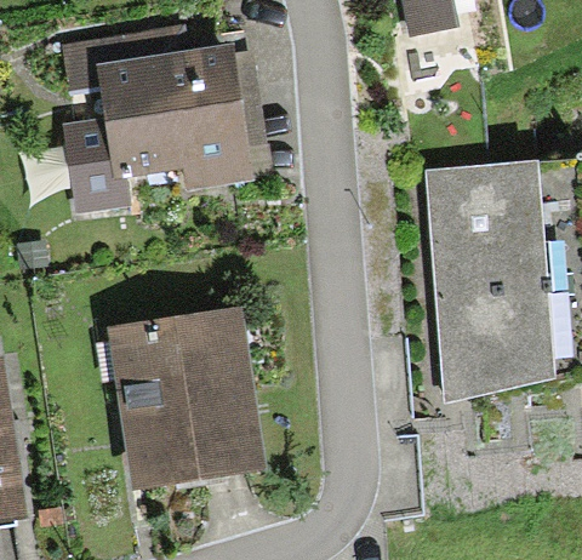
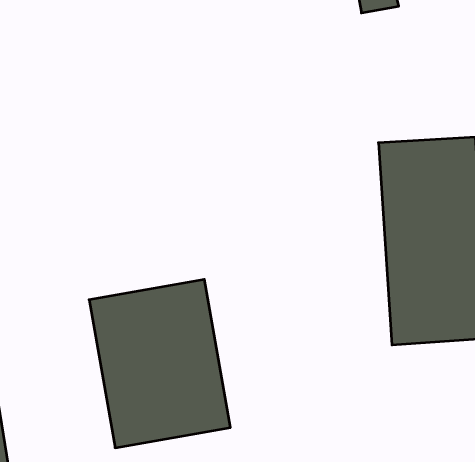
building: [69,36,242,177] -> none

